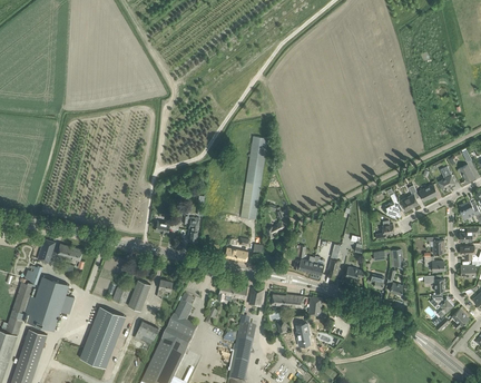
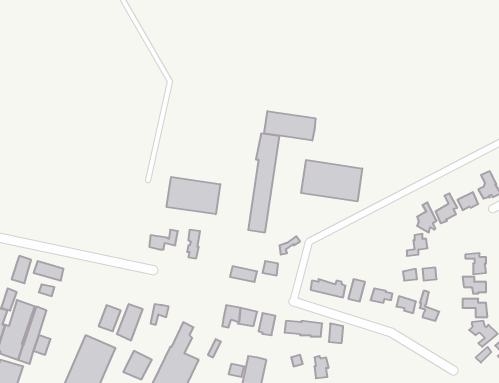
building: none -> [264,111,315,141]
building: none -> [301,160,362,201]
building: none -> [167,177,220,214]

